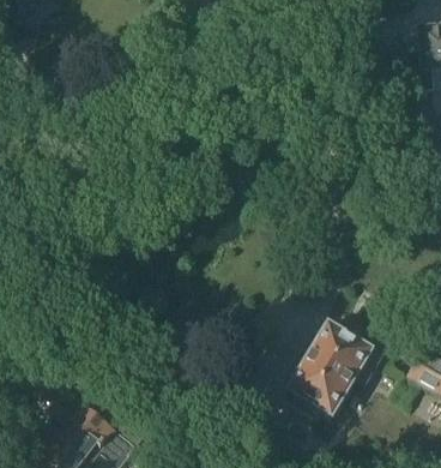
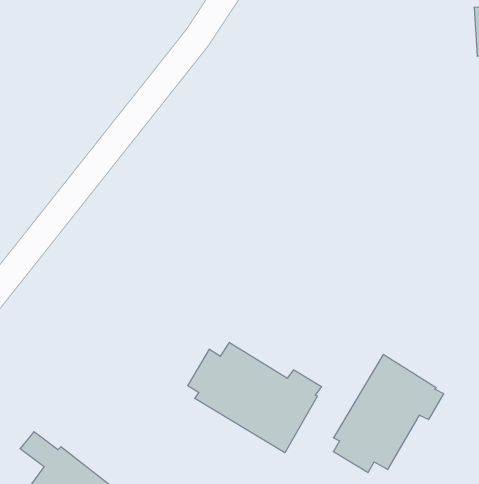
building: none -> [188,342,321,453]

